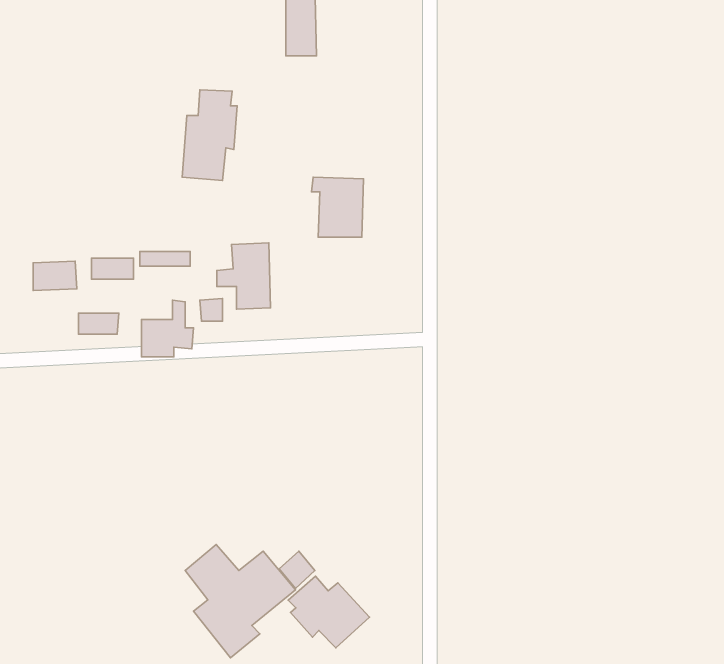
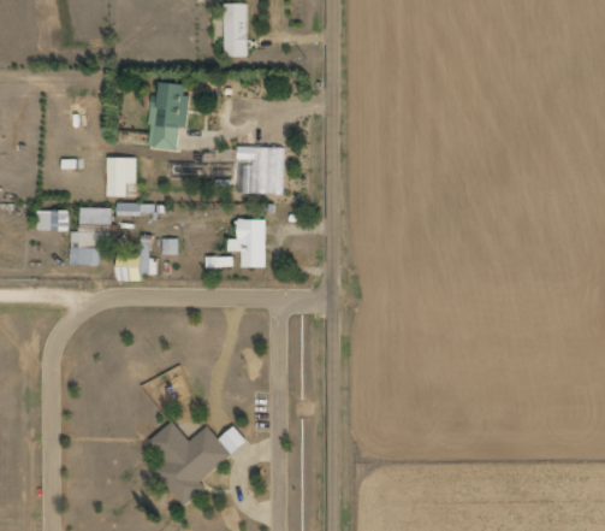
building: none -> [106,157,135,183]
building: [217,243,270,309] -> [226,218,266,267]
building: [288,576,369,648] -> none

